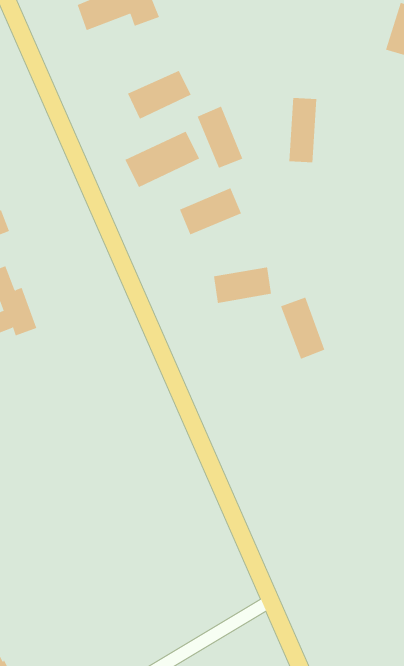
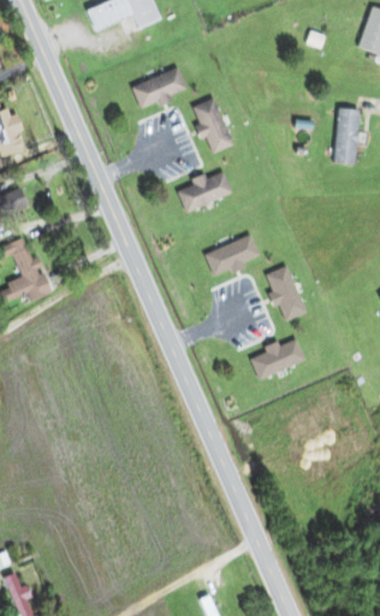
building: [288,97,317,163] -> [334,107,360,165]
building: [125,131,200,188] -> none
building: none -> [250,337,305,380]

